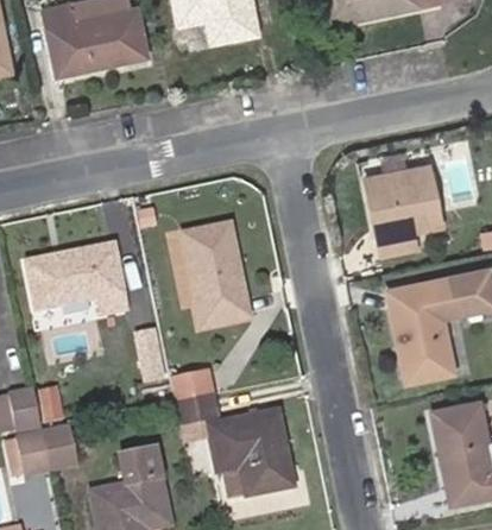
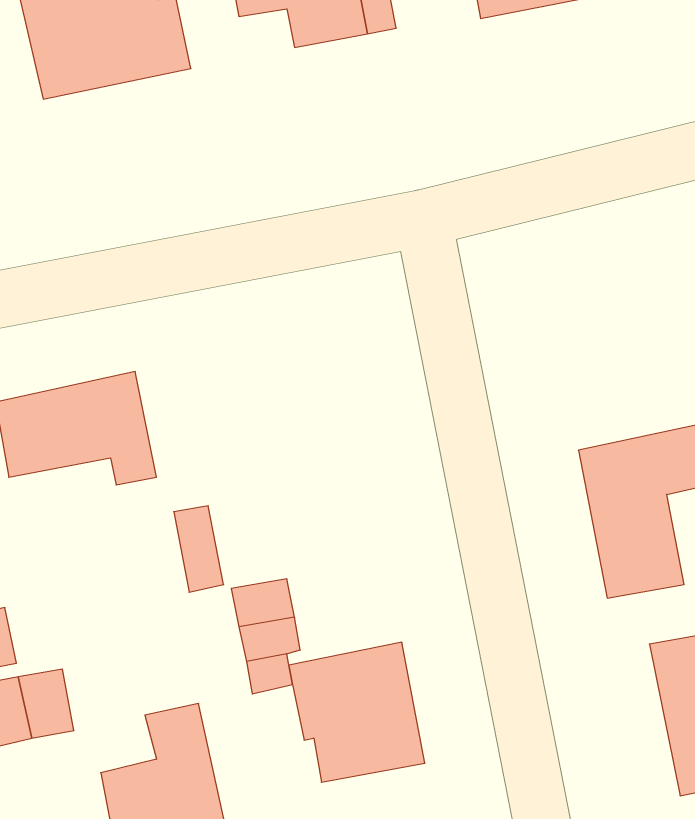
building: [366,166,440,253] -> none
building: [184,223,247,326] -> none

